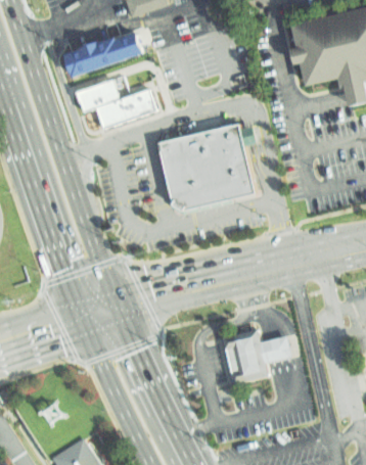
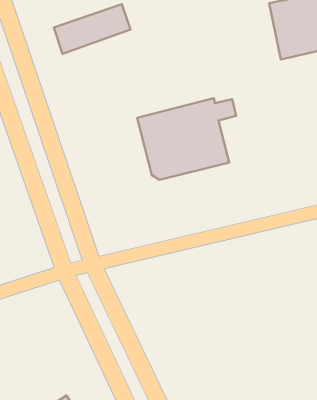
building: [73,78,151,125] -> none
building: [219,327,295,380] -> none

